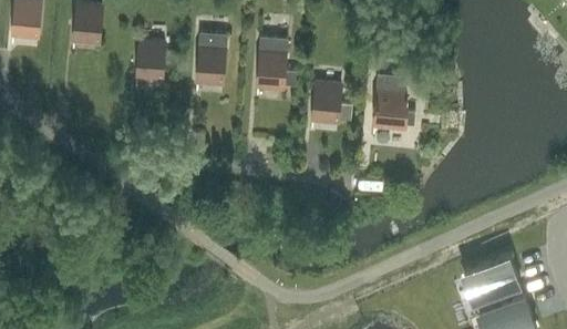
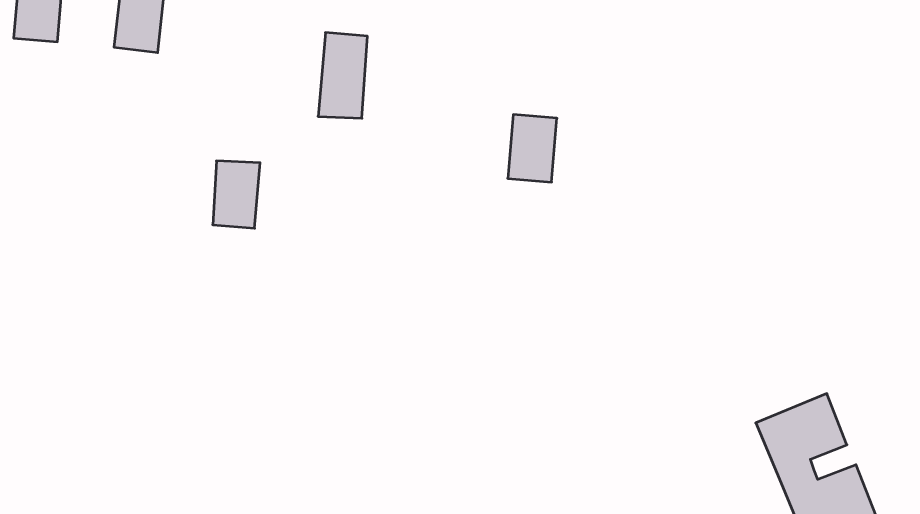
building: [257,38,297,90] -> none
building: [136,41,165,82] -> [213,161,260,228]
building: [373,74,414,131] -> none

